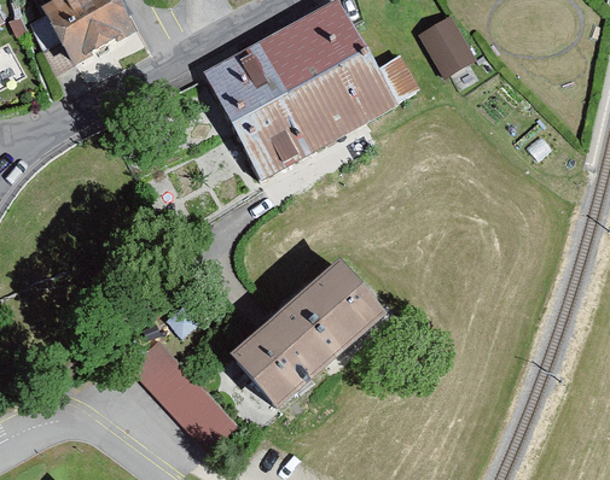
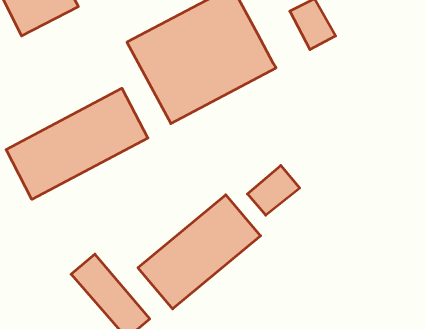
building: none -> [6,88,148,199]
building: none -> [247,165,300,215]

